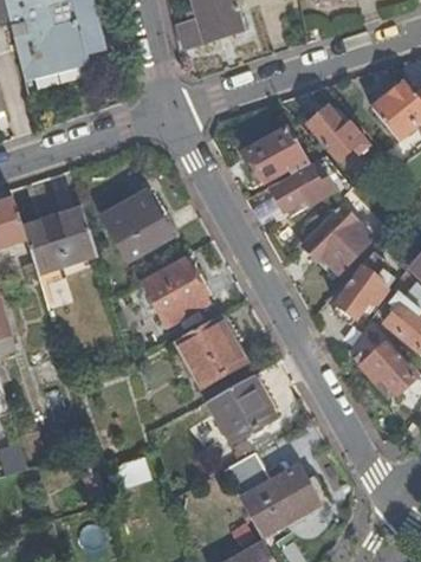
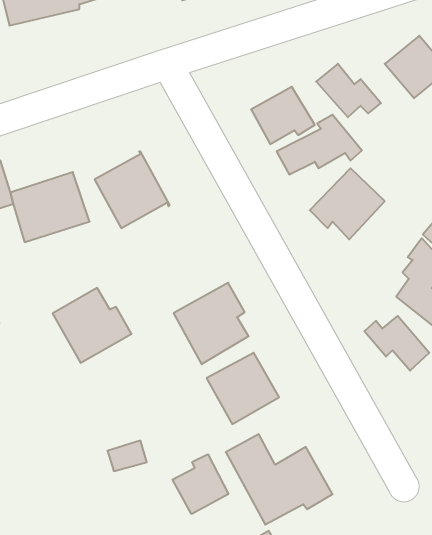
building: [142,256,215,325] -> [53,288,132,363]
building: [337,266,396,318] -> none
building: none -> [173,454,228,514]

